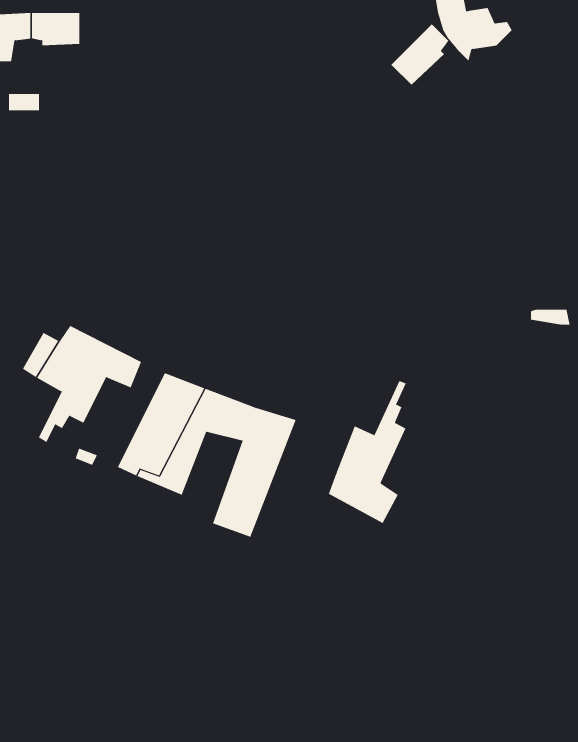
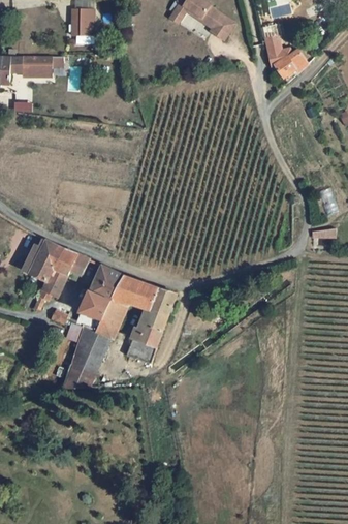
building: [391,24,449,86] -> none
building: [328,380,406,524] -> none
building: none -> [61,327,112,386]

